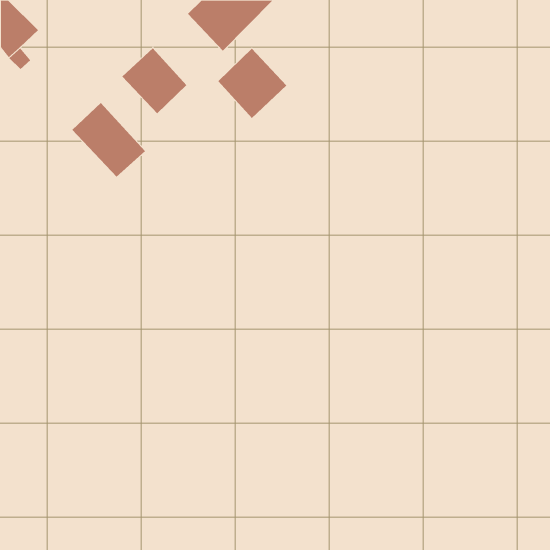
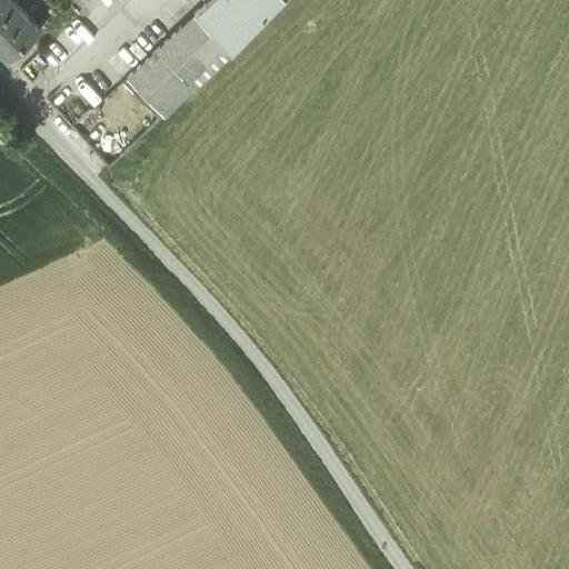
building: [217,48,287,119] -> [158,14,230,88]
building: [71,102,146,177] -> none

